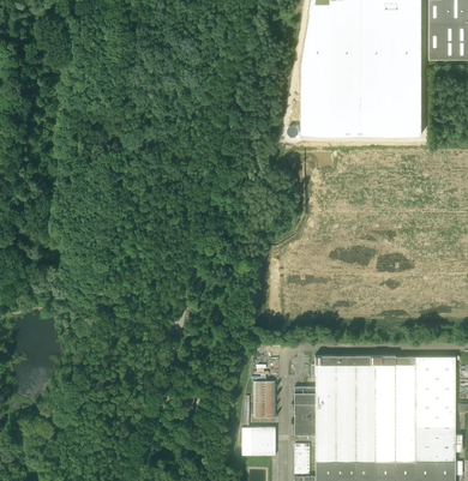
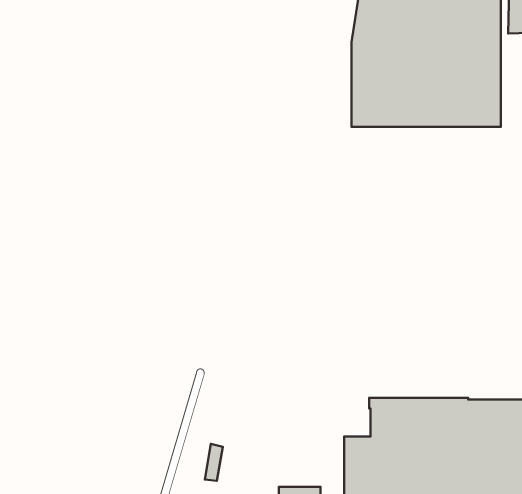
building: [254,383,276,419] -> none

